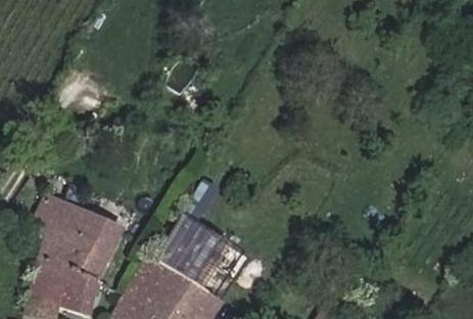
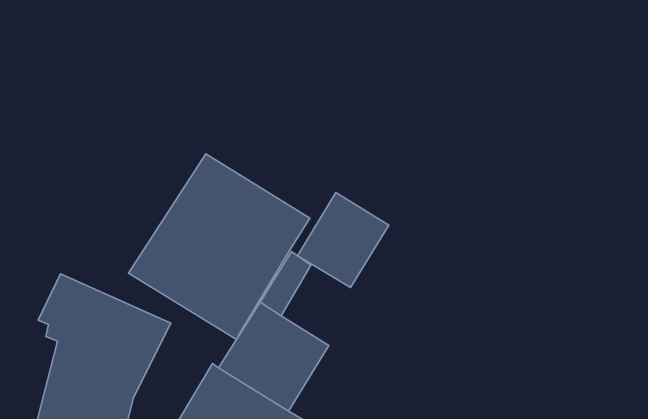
building: none -> [129,154,310,340]
building: none -> [298,192,389,288]

